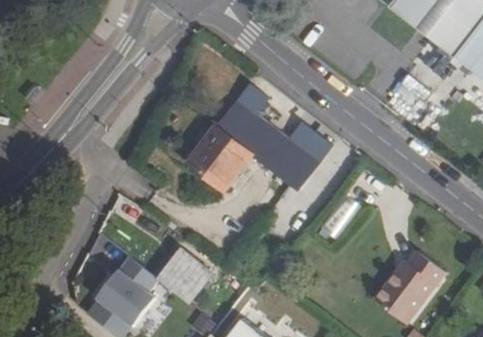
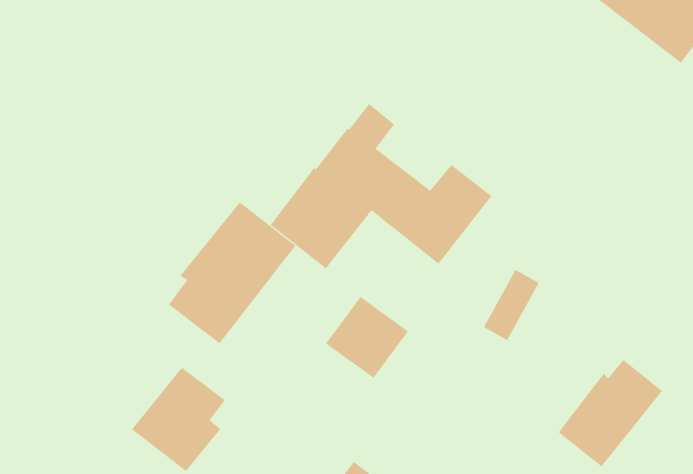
building: none -> [168,201,296,344]
building: [158,249,213,303] -> [325,296,409,379]

